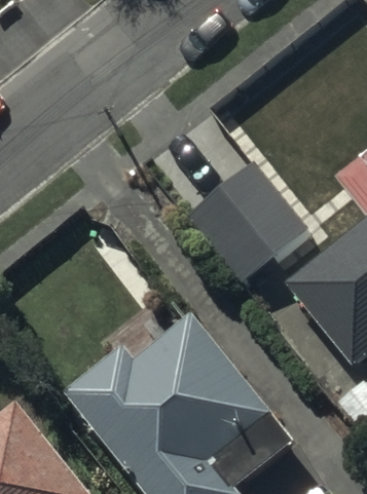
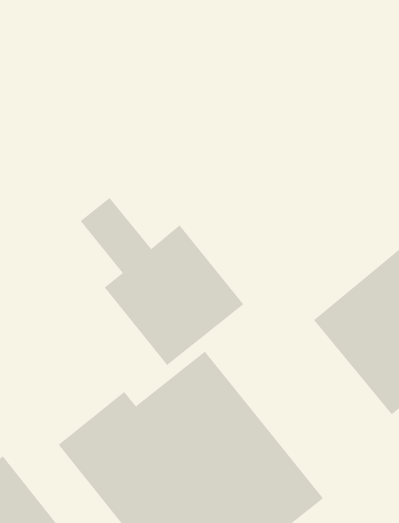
building: [167,137,308,282] -> [80,197,244,366]

